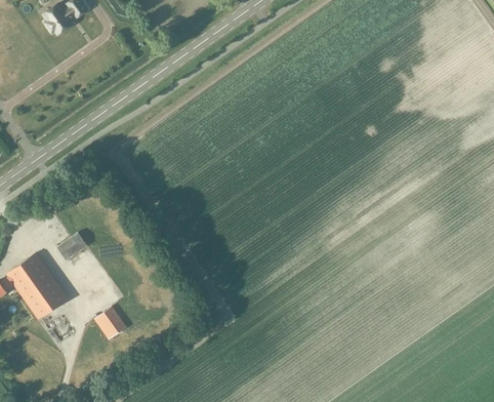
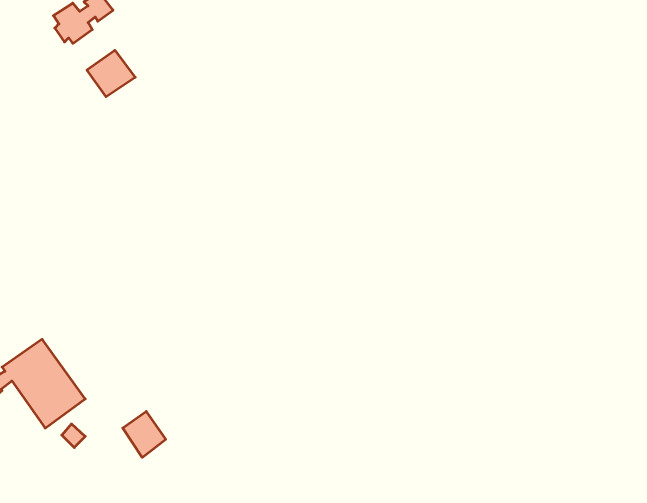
building: none -> [87,50,135,97]
building: [56,233,87,262] -> none

